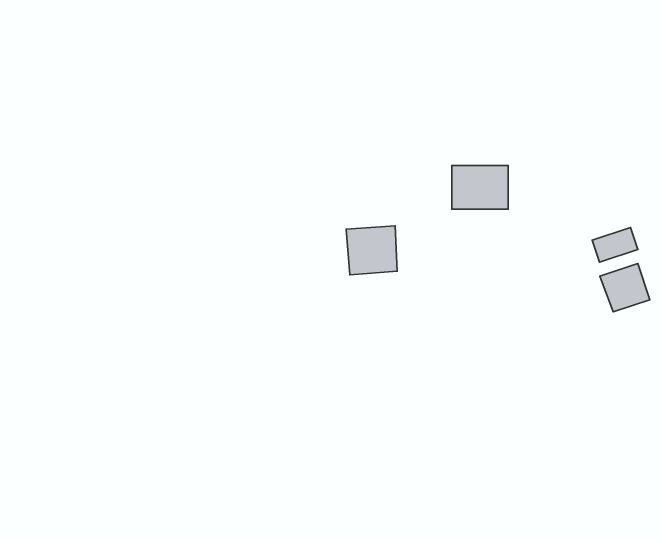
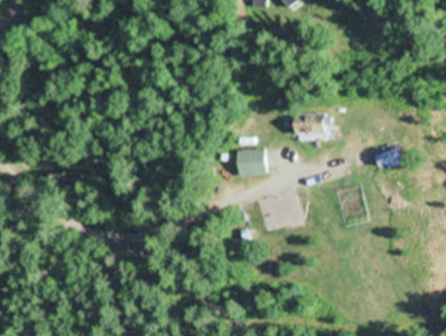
building: [600,263,650,312] -> none

